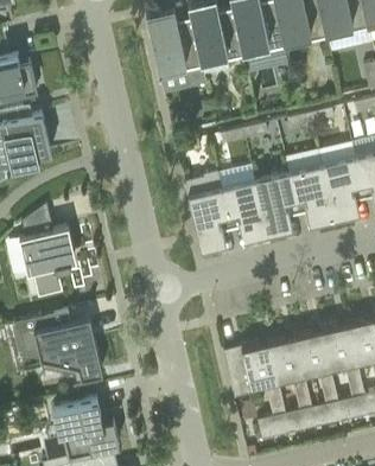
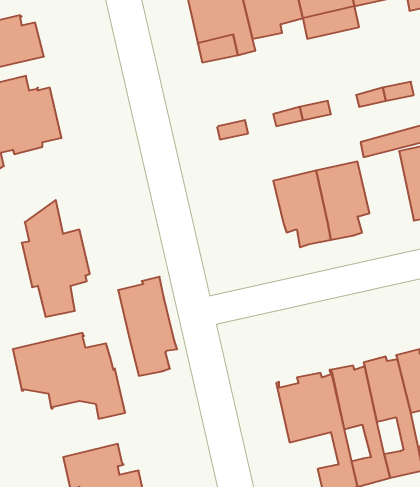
building: [288,165,333,226] -> none
building: [184,172,231,251] -> [118,277,177,376]

